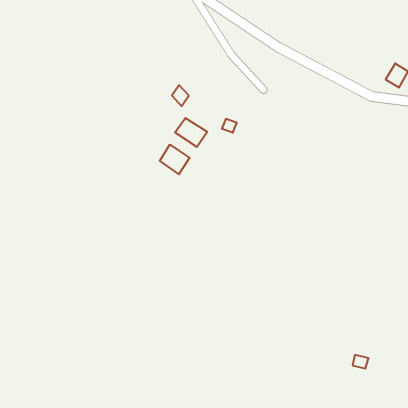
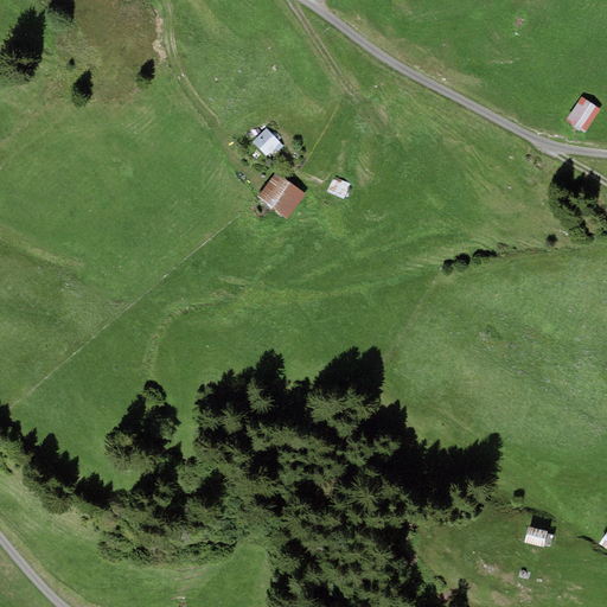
building: [160,145,190,174] -> none

